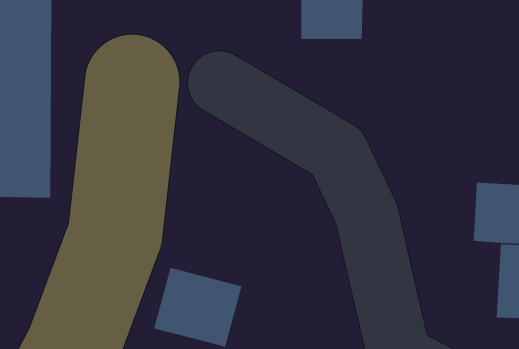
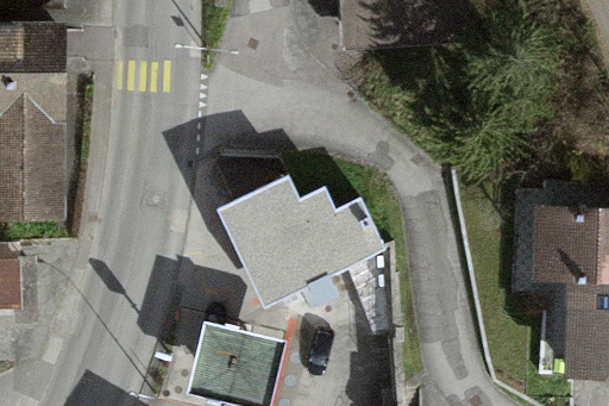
building: none -> [225,182,378,302]

